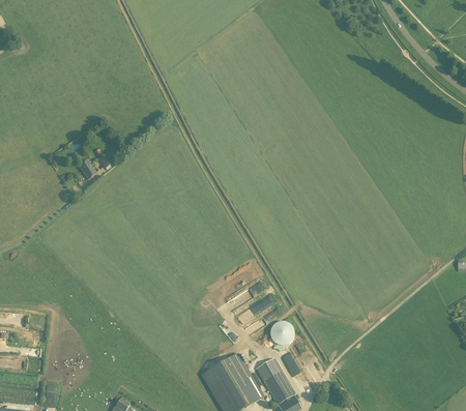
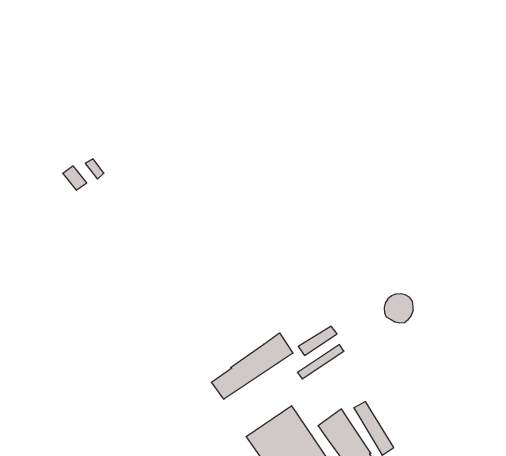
building: none -> [211,333,293,399]
building: [271,321,293,343] -> [384,294,413,323]

